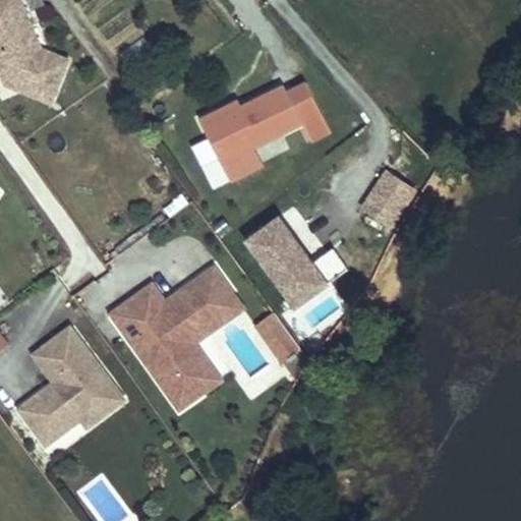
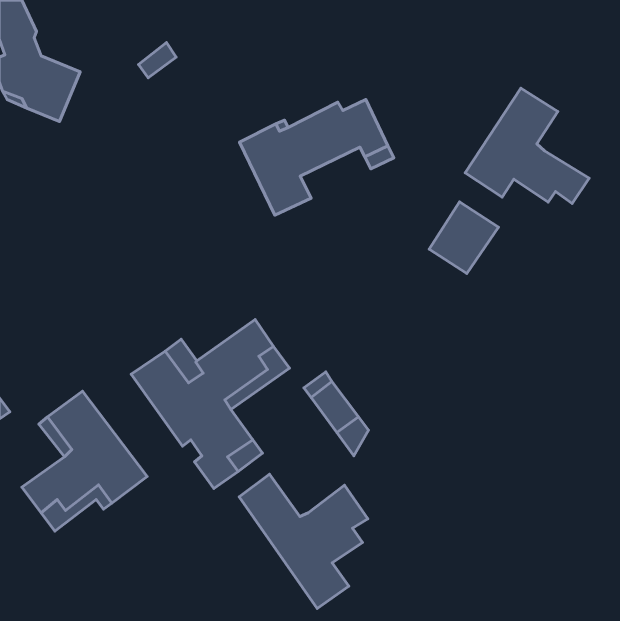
building: none -> [465,88,589,204]
building: [246,217,348,307] -> none
building: none -> [239,474,368,608]

